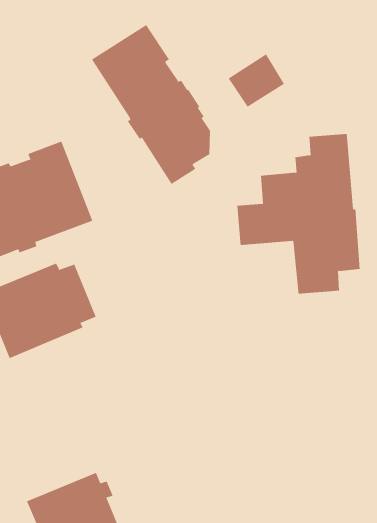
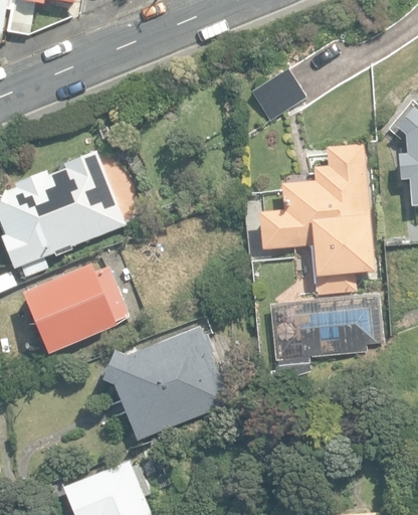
building: [91,24,210,185] -> none
building: none -> [271,293,384,378]
building: none -> [103,327,231,441]

